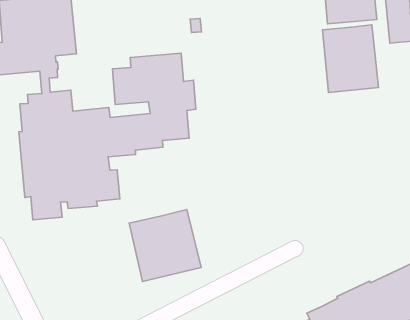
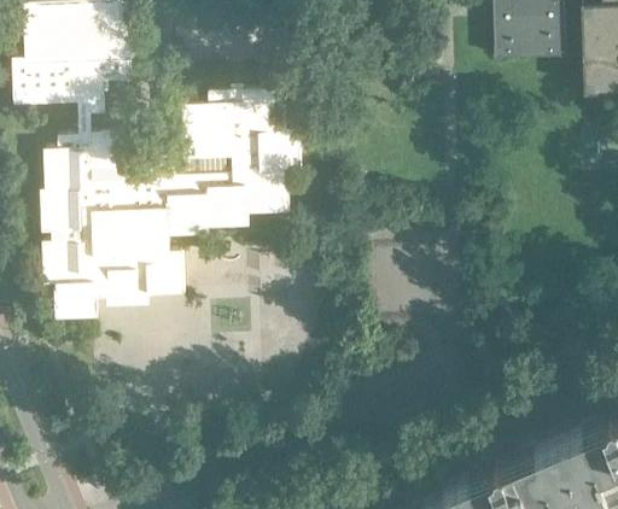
building: [323,25,378,93] -> none
building: [129,209,201,282] -> none

